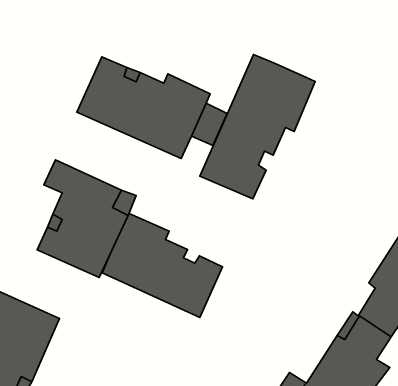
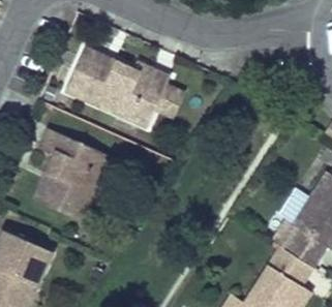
building: [200,55,315,199] -> none
building: [102,214,223,318] -> none

